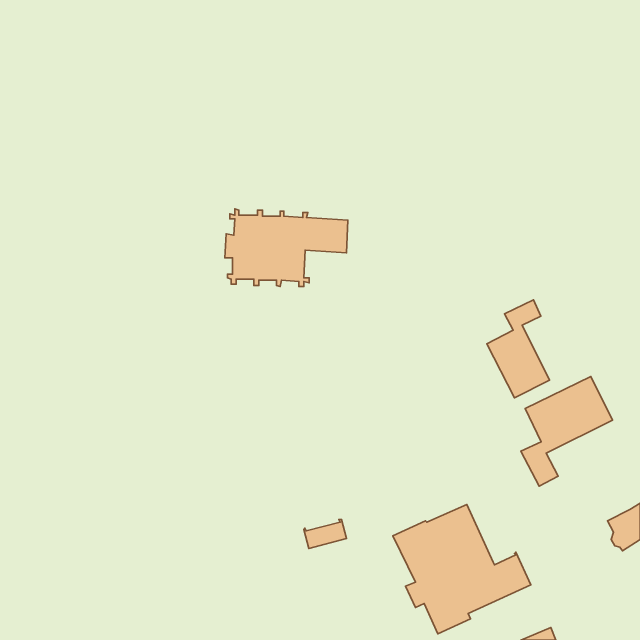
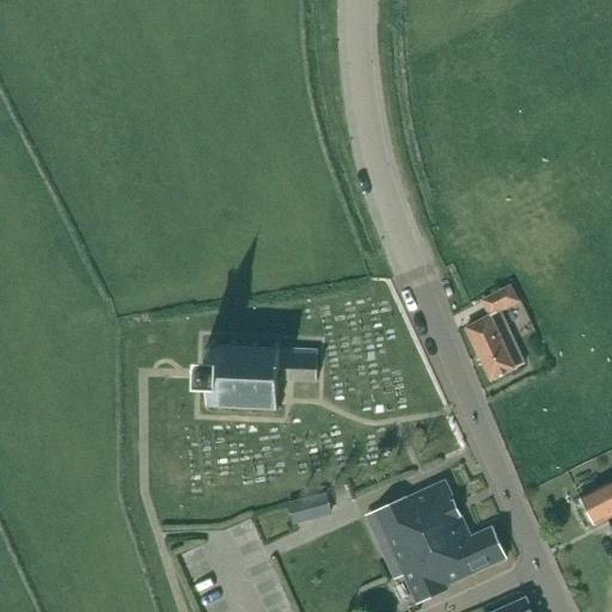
building: [225,209,348,287] -> [201,339,318,414]
building: [521,376,613,486] -> none

